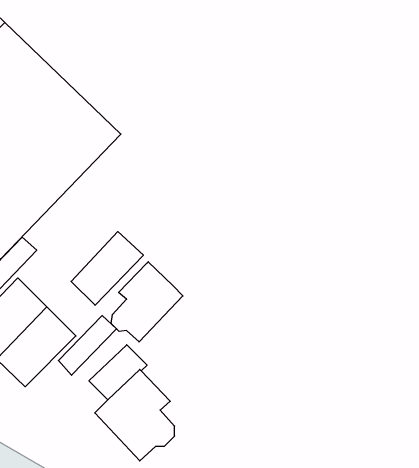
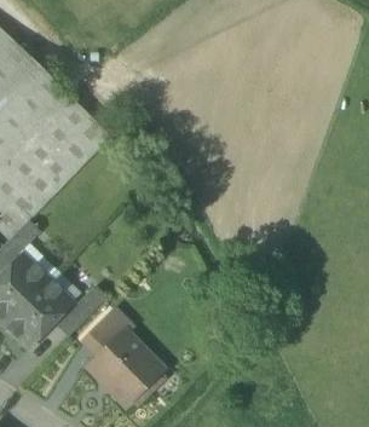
building: [71,232,143,305] -> none
building: [111,262,183,342] -> none

